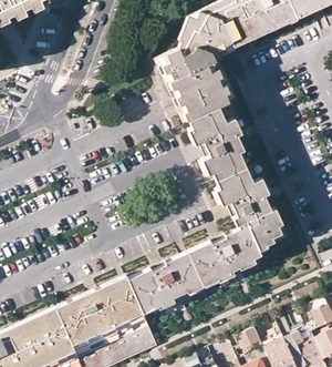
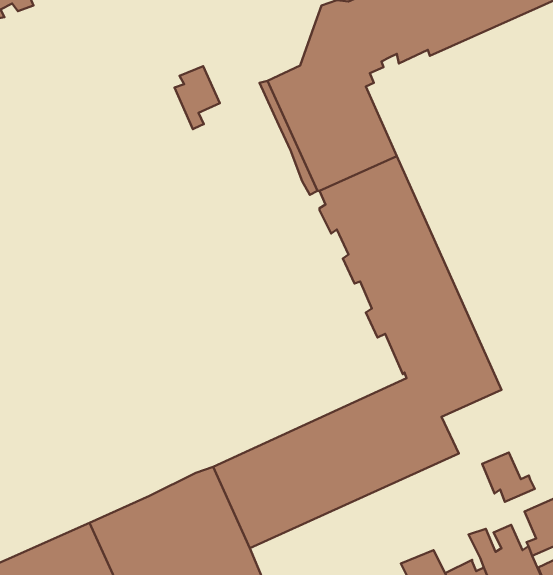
building: none -> [174,66,220,129]
building: none -> [482,452,535,502]

